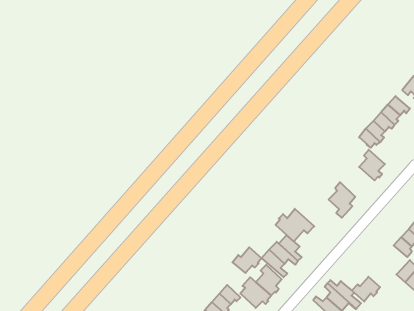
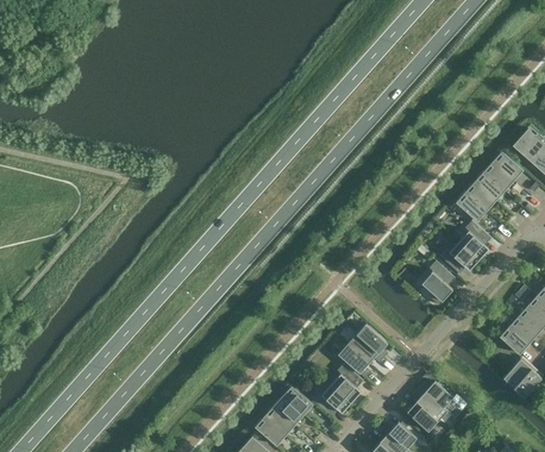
building: none -> [439,241,478,274]
building: [276,209,314,241] -> none
building: [232,247,262,273] -> none
building: [352,277,380,302] -> none

